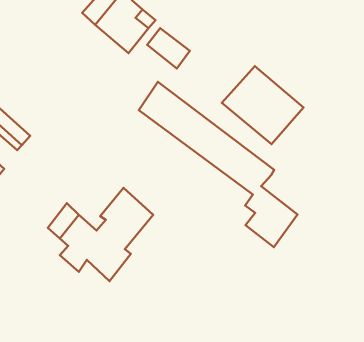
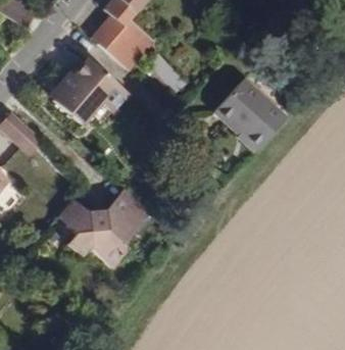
building: none -> [53,61,126,129]
building: [139,82,298,247] -> none

